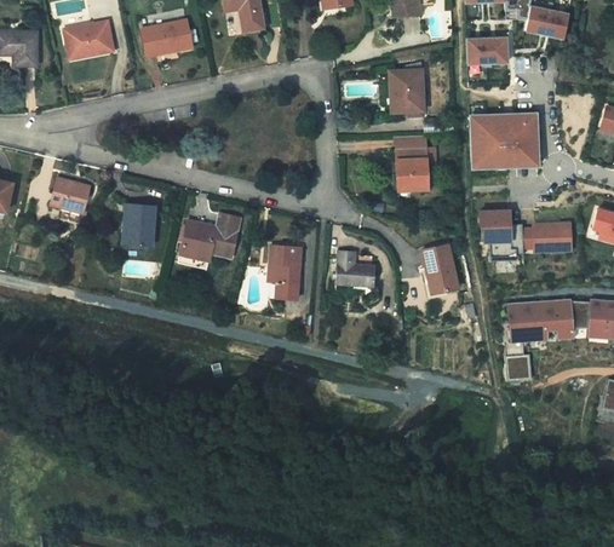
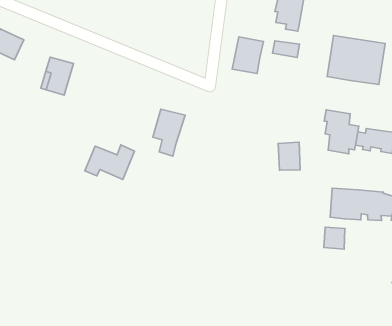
building: [397,150,430,191] -> [232,37,264,74]
building: [182,213,239,257] -> [85,145,135,179]
building: [337,263,374,286] -> none

